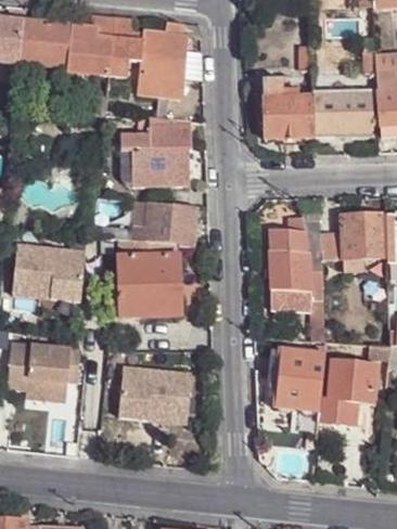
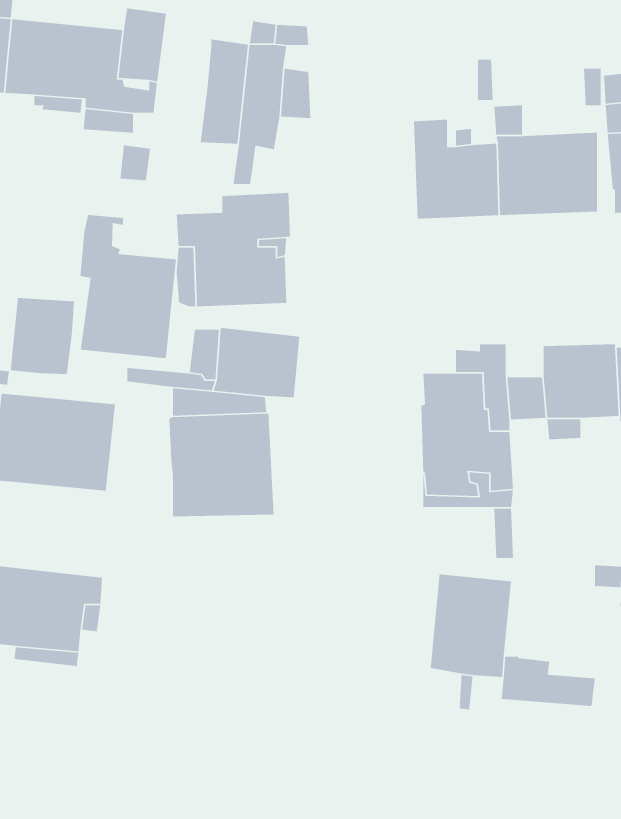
building: [108,16,142,78] -> none
building: none -> [80,214,177,359]
building: none -> [10,297,75,375]
building: [325,359,374,411] -> none
building: [118,363,192,422] -> none

